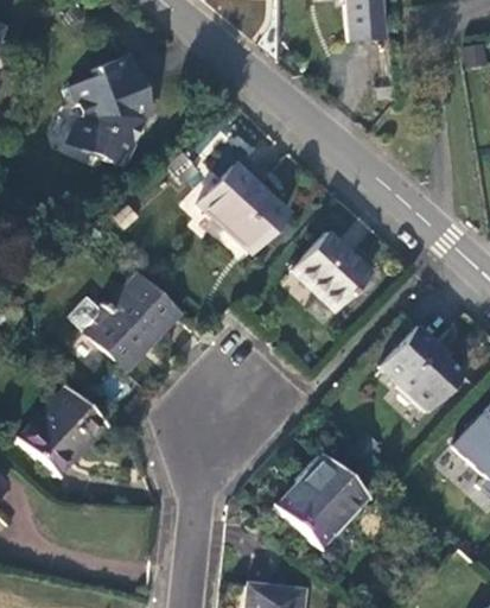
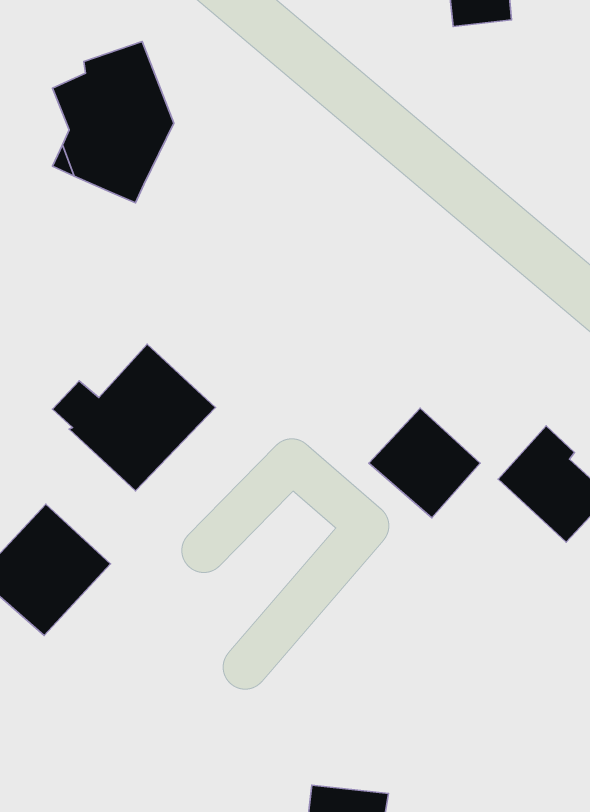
building: [192,159,291,255] -> none
building: [293,232,373,310] -> [369,408,480,518]
building: [276,454,369,546] -> none

